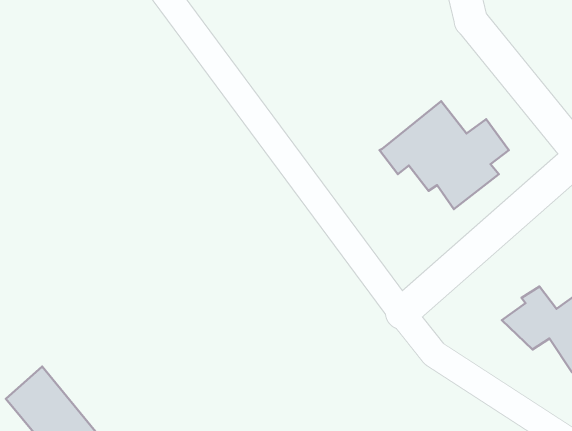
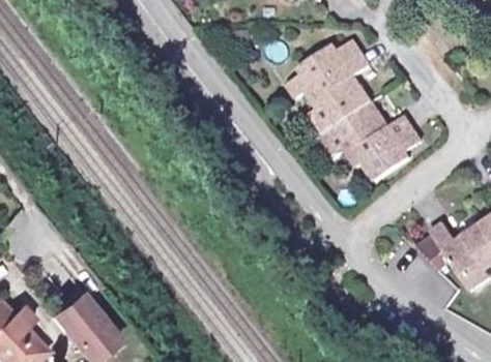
building: none -> [287,34,371,128]

